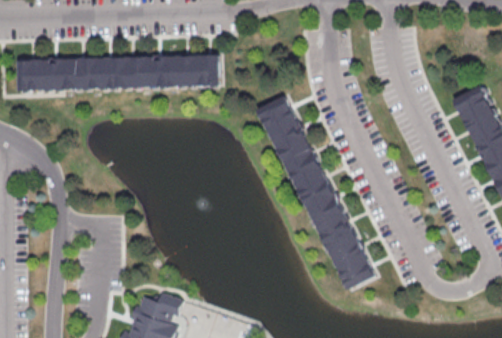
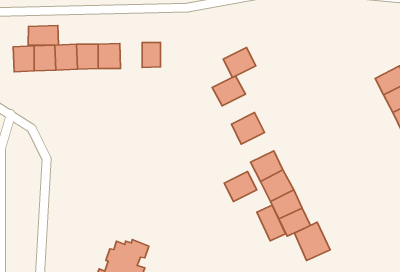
building: none -> [28,26,59,45]
building: [194,55,219,85] -> none
building: [145,56,172,87] -> none
building: [268,118,307,154] -> [223,47,256,77]
building: [291,164,330,200] -> [224,171,257,201]
building: none -> [257,205,286,241]
building: none -> [294,222,330,260]

